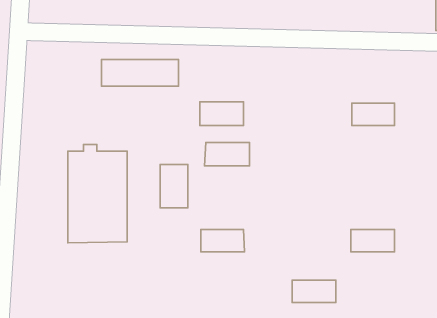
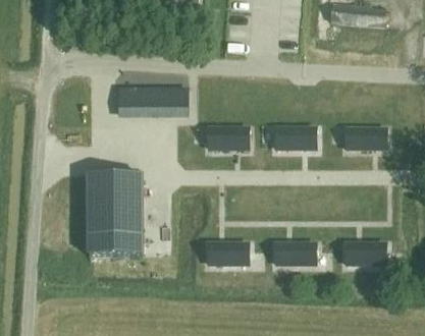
building: [205,142,249,166] -> [274,127,315,149]
building: [160,164,188,208] -> none
building: [292,280,336,303] -> [275,243,315,264]

